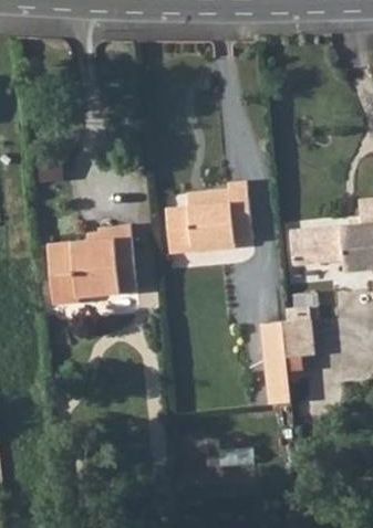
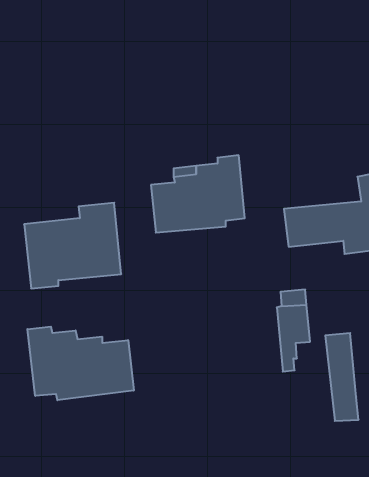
building: [259,323,290,404] -> [325,333,359,421]
building: none -> [27,327,134,400]

